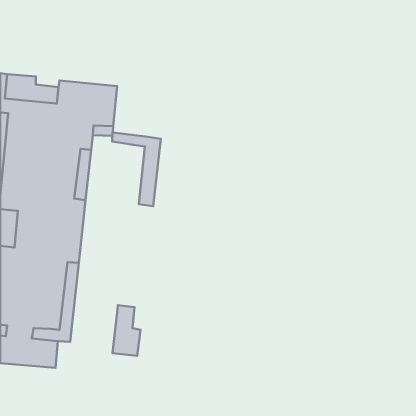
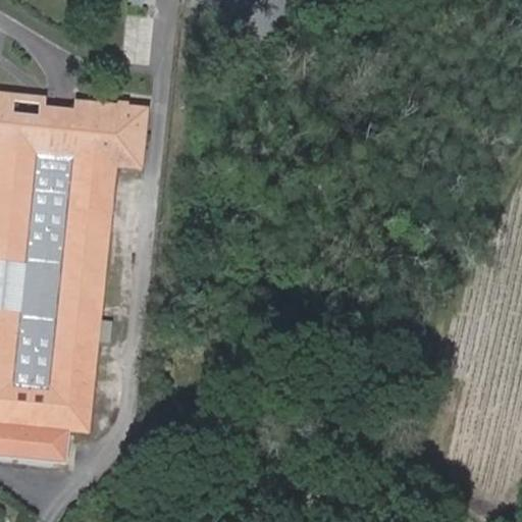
building: [112,132,161,206] -> none
building: [112,305,140,356] -> none

